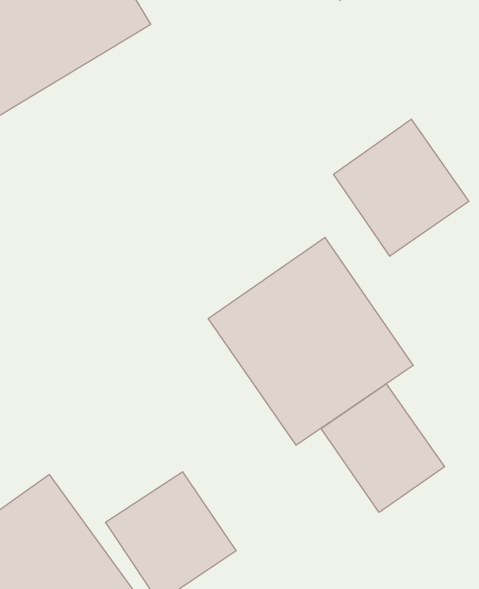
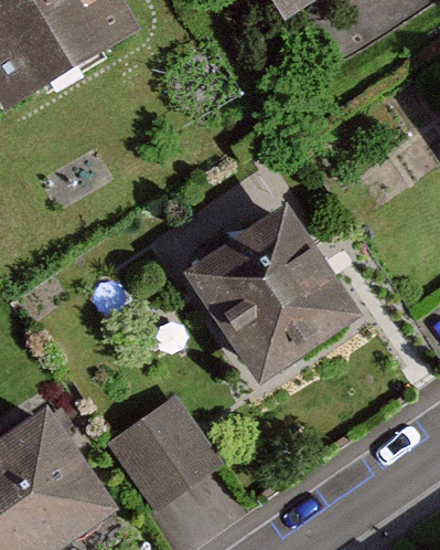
building: [334,119,469,256] -> none
building: [321,384,445,512] -> none

